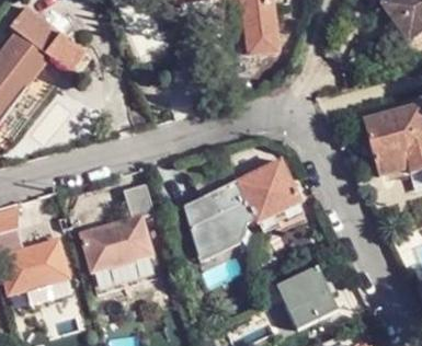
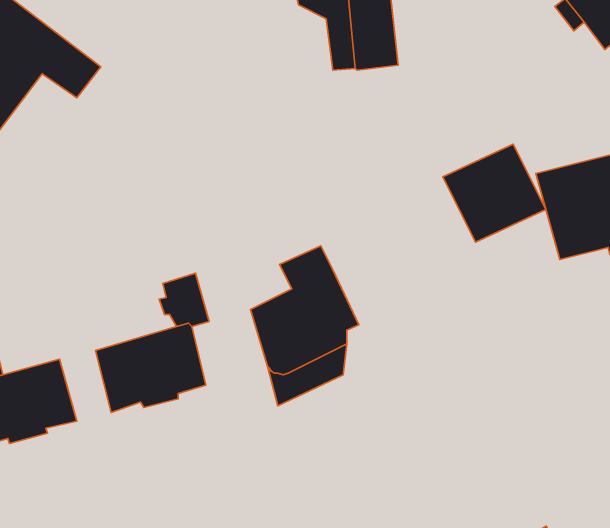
building: [233,160,299,222] -> [443,144,546,242]
building: [274,265,337,330] -> none

